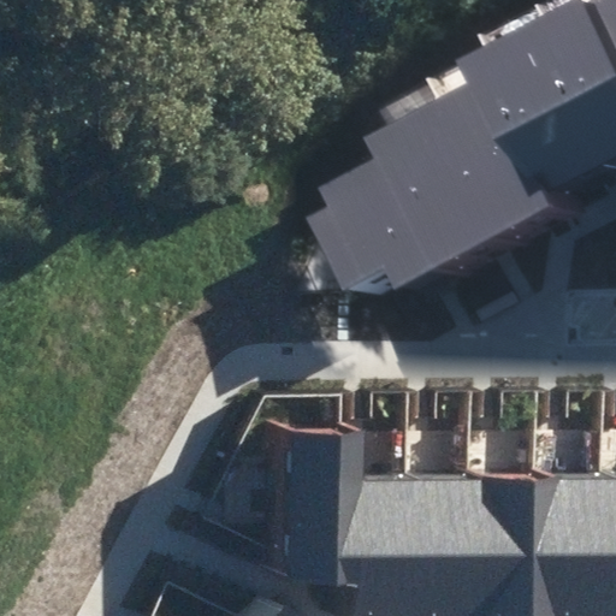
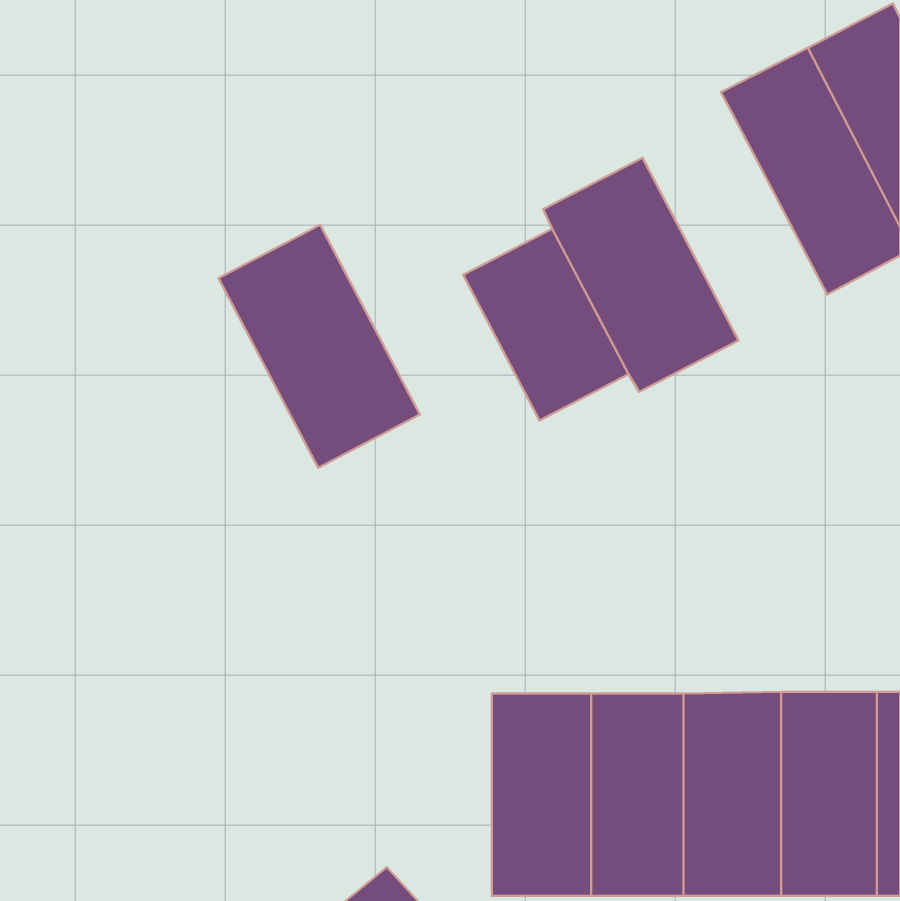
building: [436,79,561,235] -> none
building: none -> [219,225,420,468]
building: [268,428,333,580] -> none

